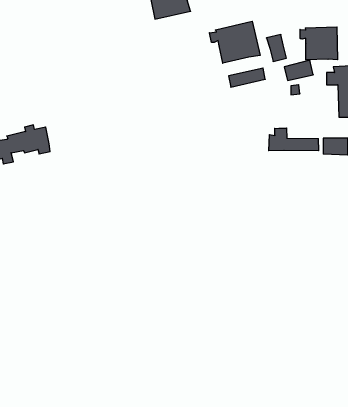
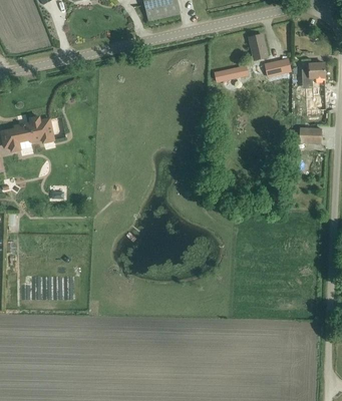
building: [209,21,260,63] -> none
building: [300,27,338,60] -> none
building: [269,128,319,151] -> none

